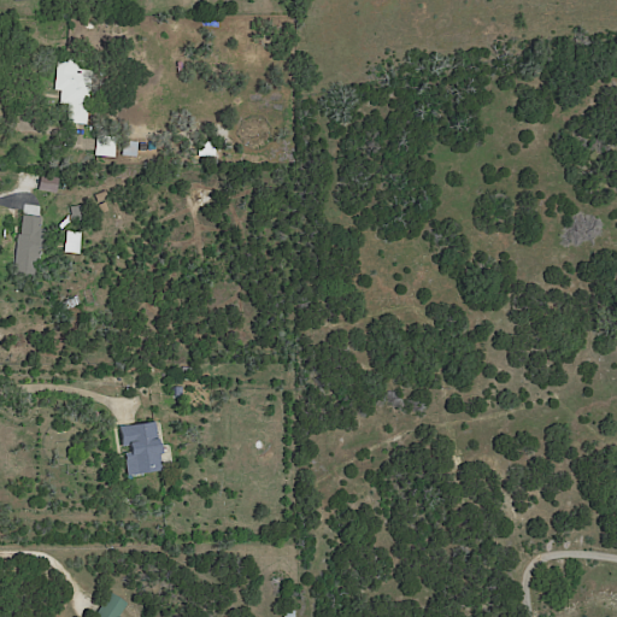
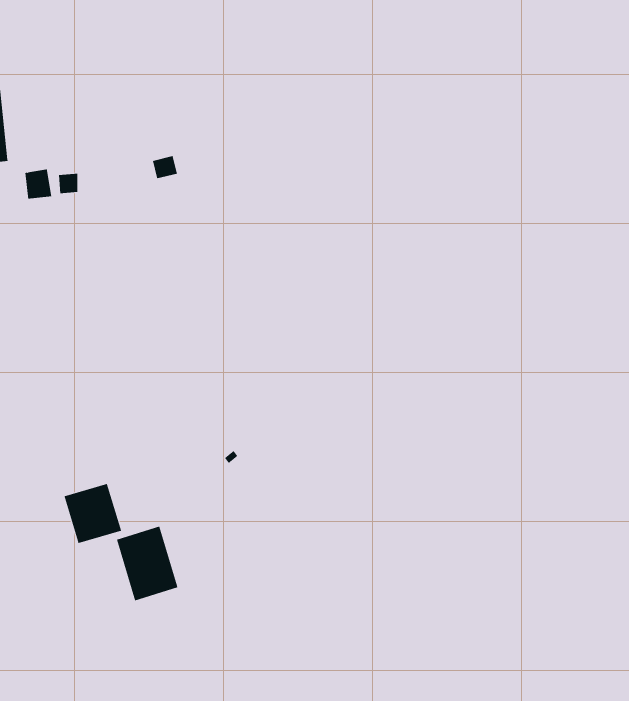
building: none -> [64,483,122,544]

